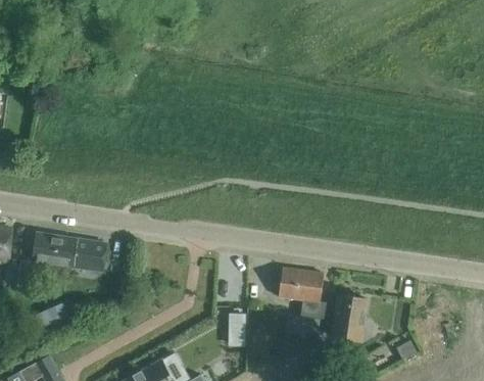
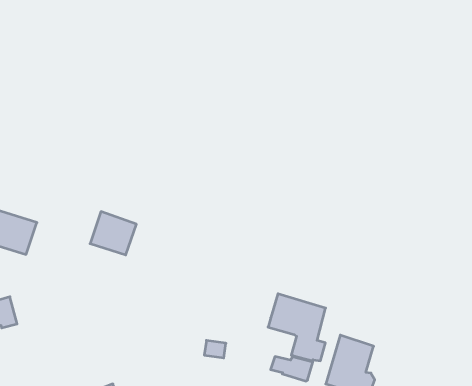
building: [70,238,106,271] -> [90,212,136,255]

